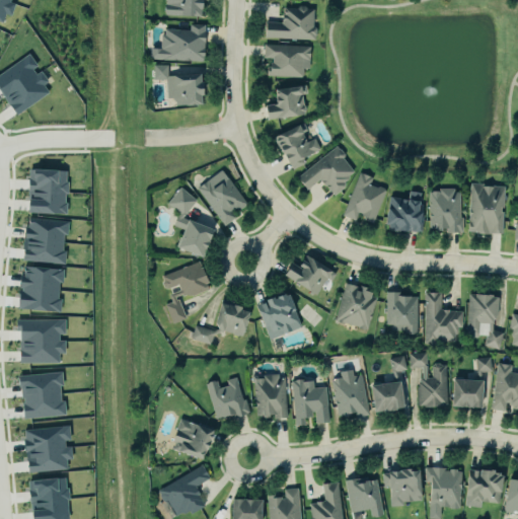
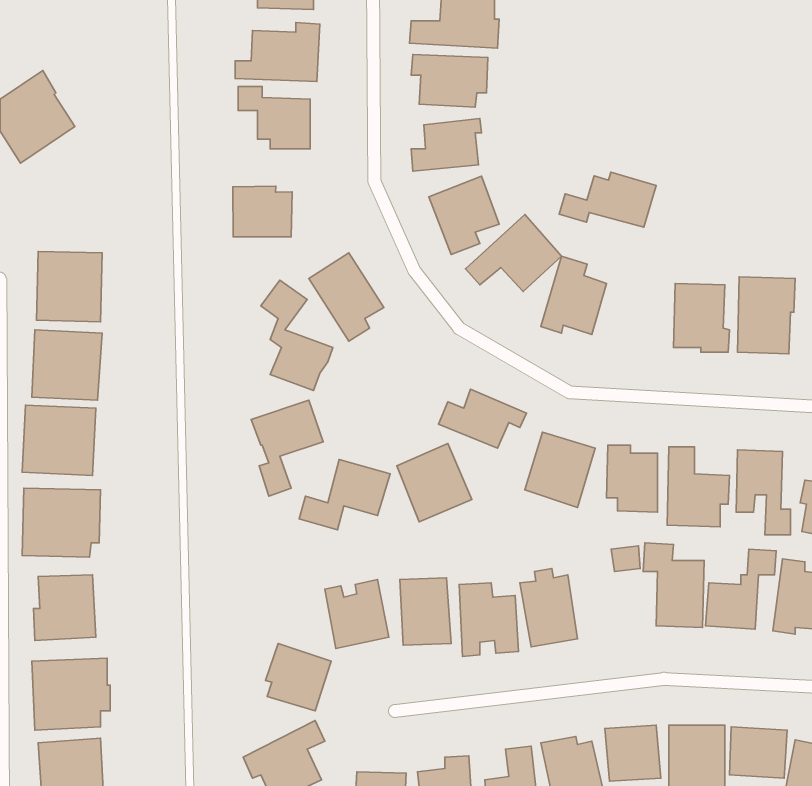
building: none -> [559,172,656,227]
building: none -> [233,186,292,237]
building: [385,193,427,233] -> none
building: [370,382,402,412] -> none

